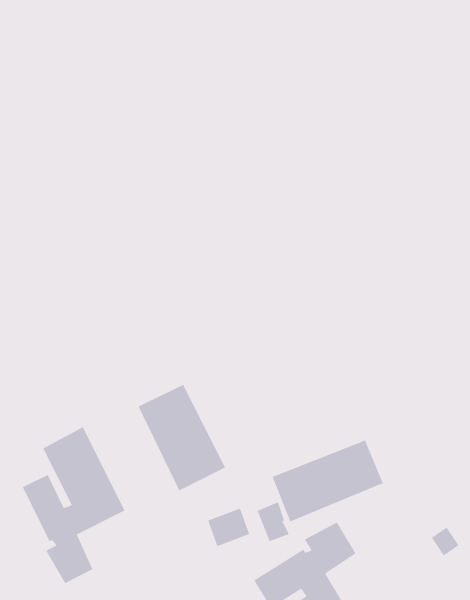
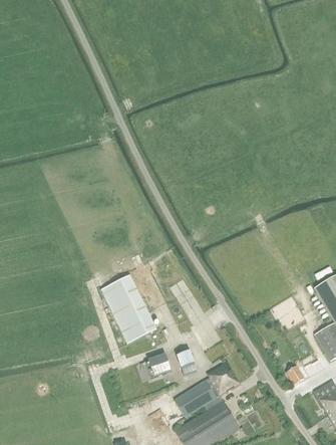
building: [22,426,126,584] -> none
building: [271,439,384,522] -> none

